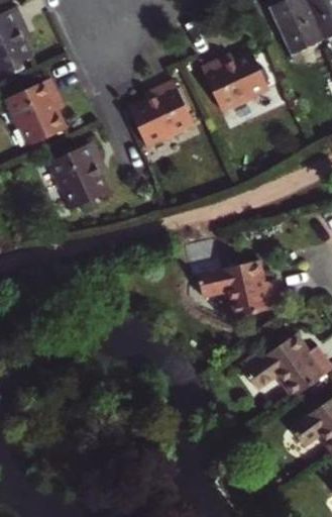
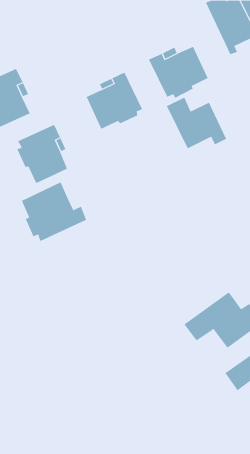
building: none -> [166,97,227,149]
building: none -> [21,182,87,242]
building: [194,257,278,315] -> none

